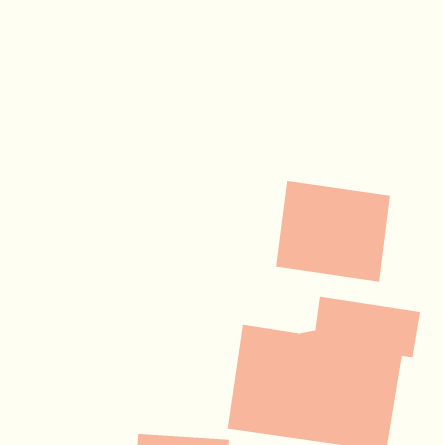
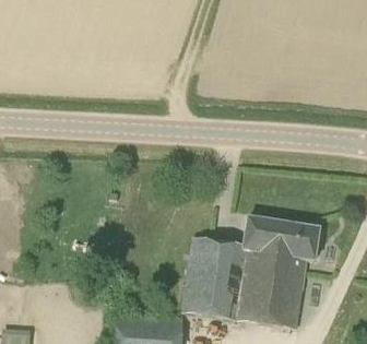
building: [276,180,391,282] -> none

